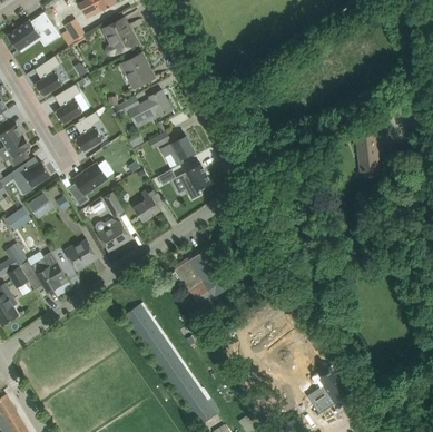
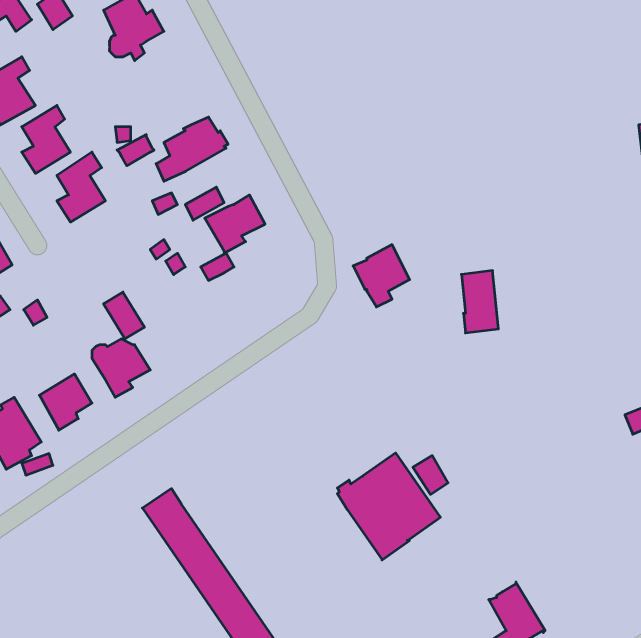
building: [119,53,152,89] -> none
building: [357,136,378,171] -> [461,271,498,333]
building: [68,163,107,206] -> none
building: [178,164,210,199] -> [353,245,410,307]
building: [132,186,160,220] -> none
building: [174,247,233,308] -> [337,453,440,560]

